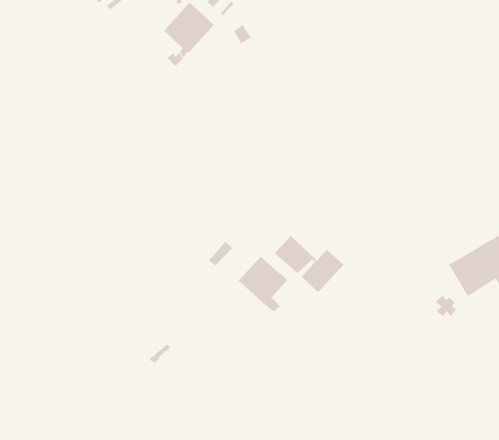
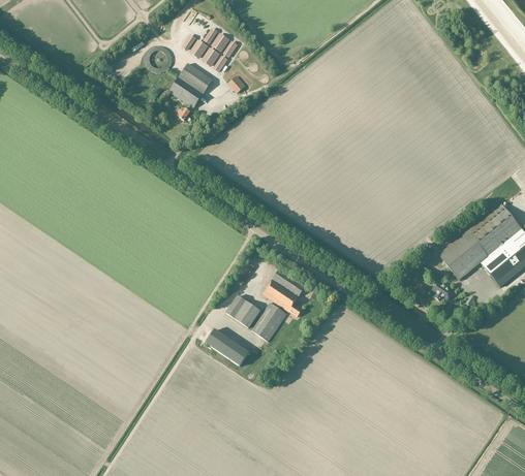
building: [274,235,344,293] -> [226,295,287,341]
building: none -> [207,329,249,366]

